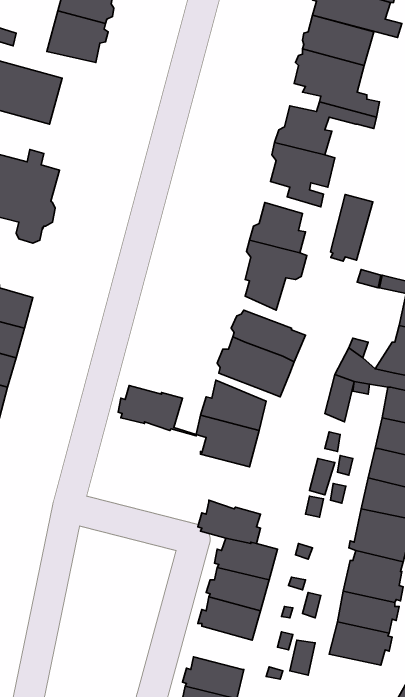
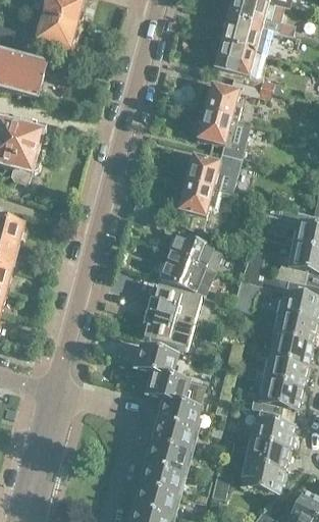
building: [330,194,373,261] -> none
building: [118,386,196,436] -> [134,344,191,380]
building: none -> [140,462,184,493]

